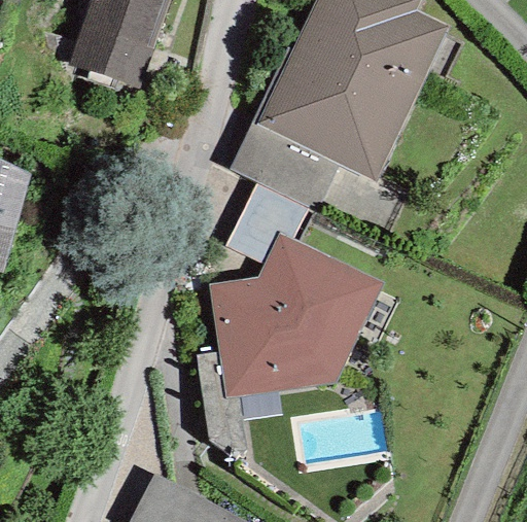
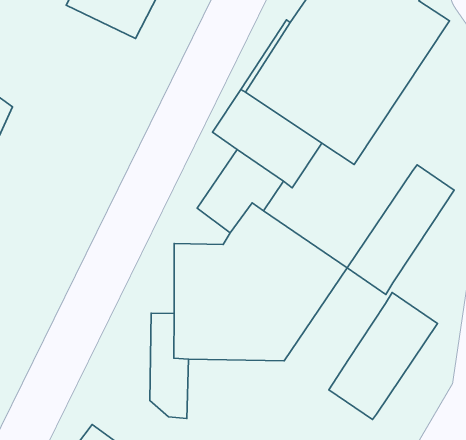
building: none -> [347,165,454,294]
building: none -> [329,292,438,420]

